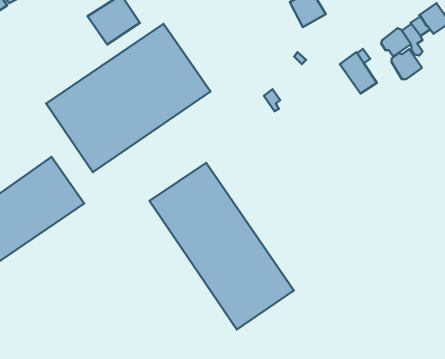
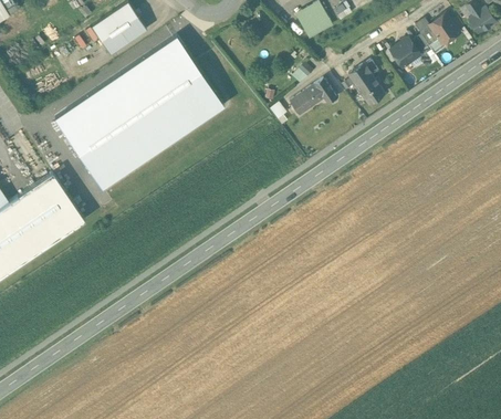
building: [391,49,422,79] -> none
building: none -> [290,77,338,117]
building: [150,163,294,329] -> none

